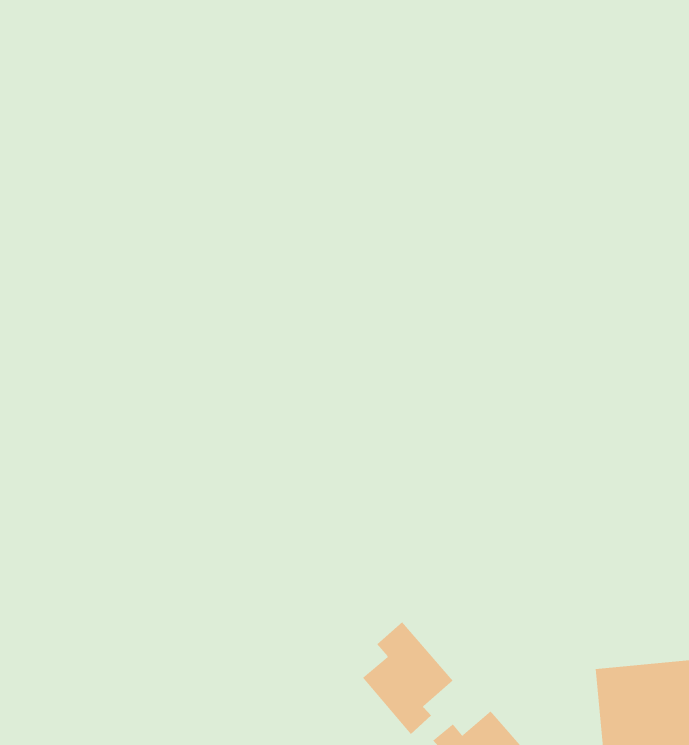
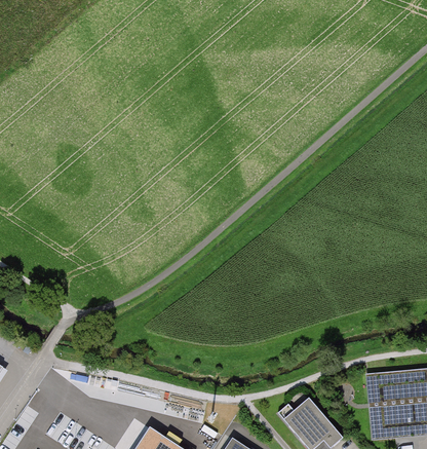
building: [362,622,454,735] -> none

